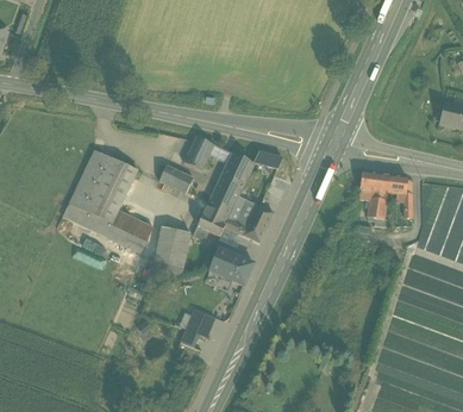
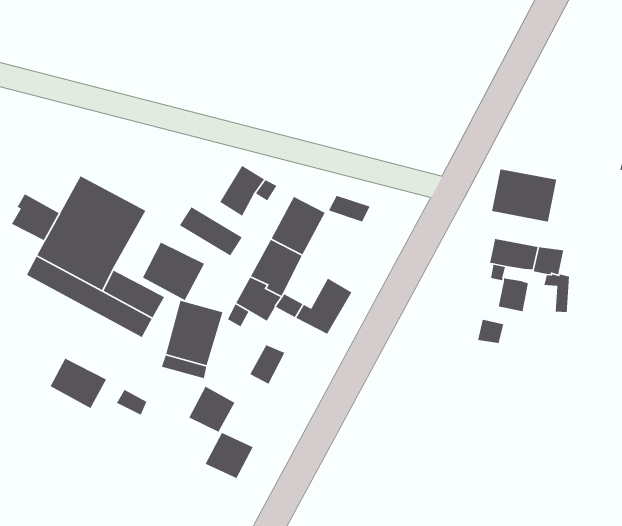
building: none -> [491,168,557,222]
building: none -> [11,193,60,241]
building: none -> [142,241,205,301]
building: [223,255,252,285] -> [188,386,235,433]
building: none -> [50,358,107,409]

